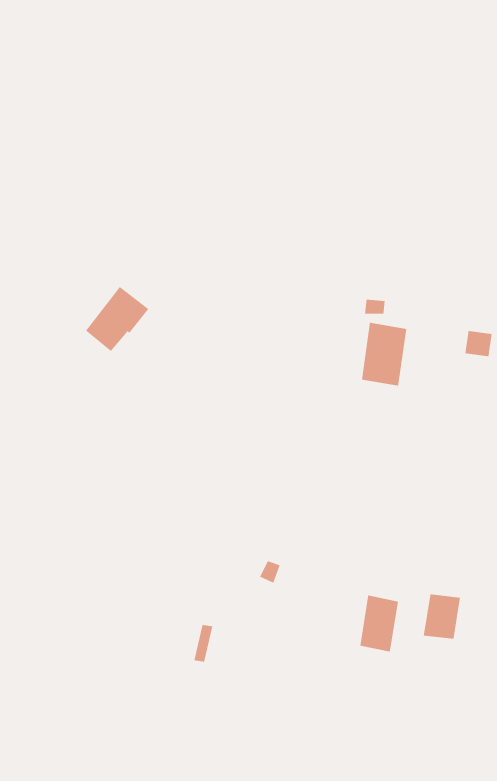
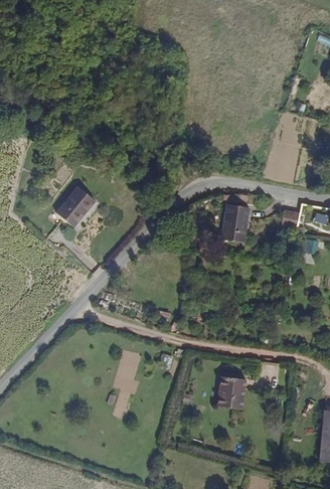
building: [423,594,461,640] -> none

